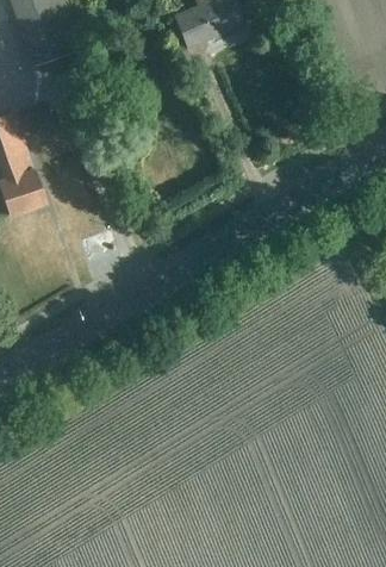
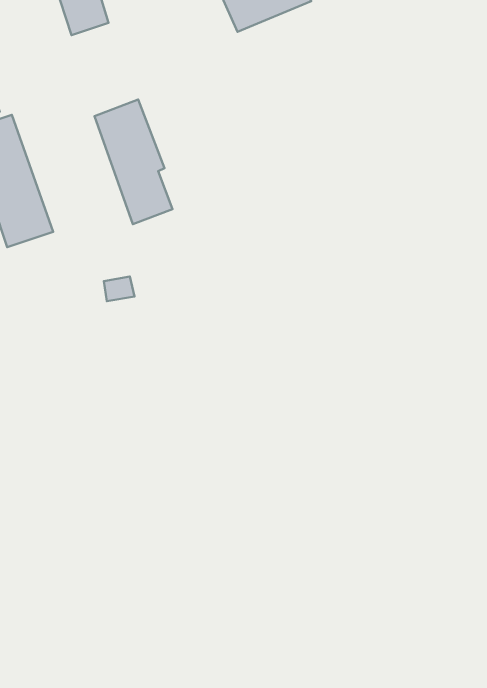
building: none -> [94,100,173,224]

